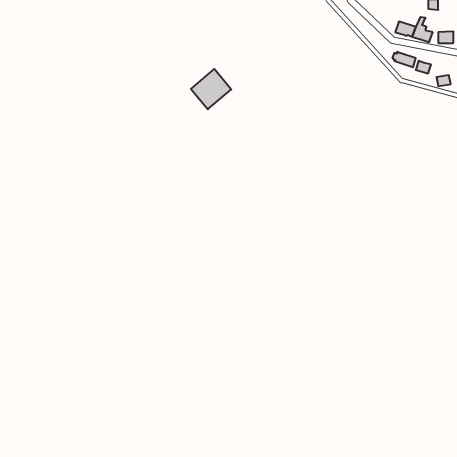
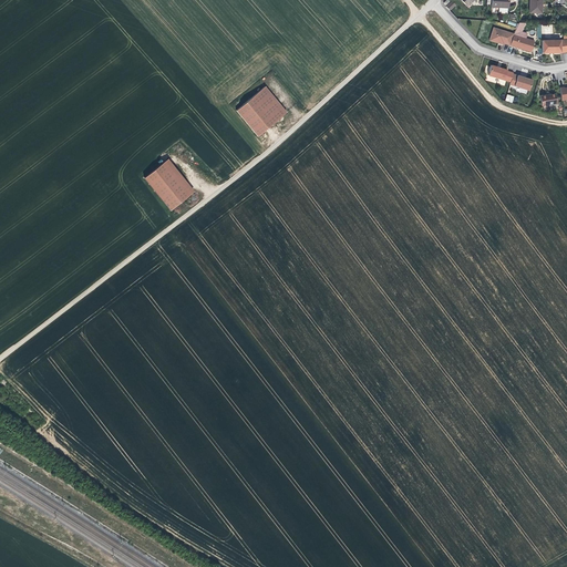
building: none -> [145,161,190,209]

